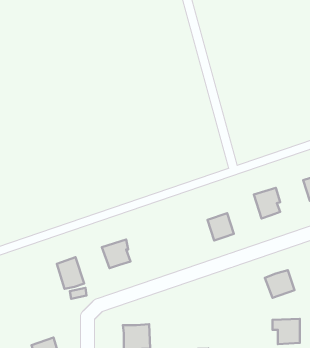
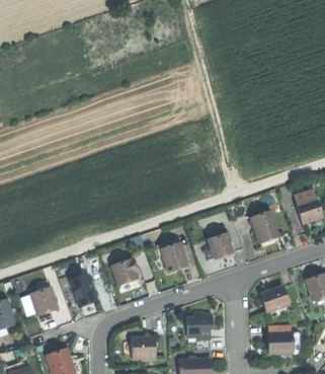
building: none -> [162,244,187,272]
building: none -> [30,286,57,312]
building: none -> [186,311,213,340]

